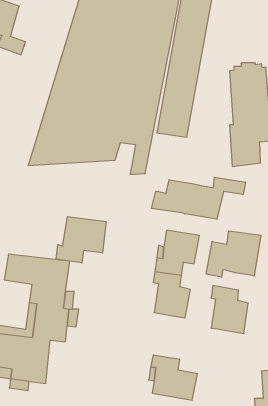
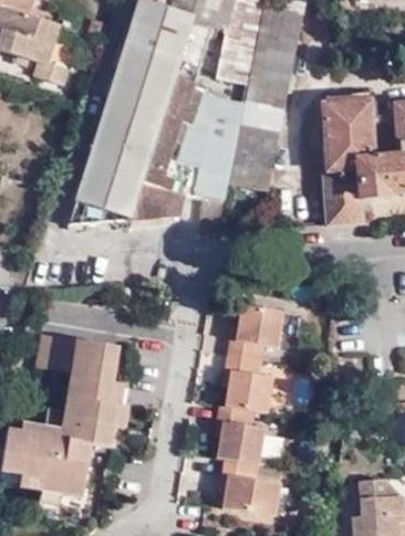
building: [152,177,245,219] -> none
building: [56,217,106,263] -> none
building: [206,231,261,277] -> none
building: [211,286,248,333] -> [218,407,264,466]

